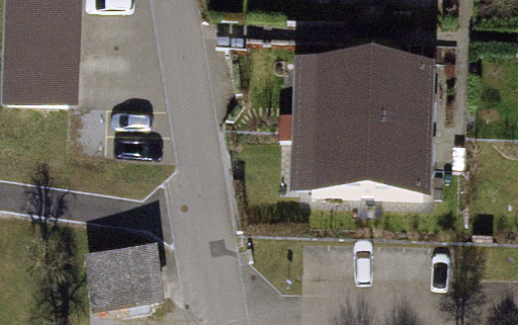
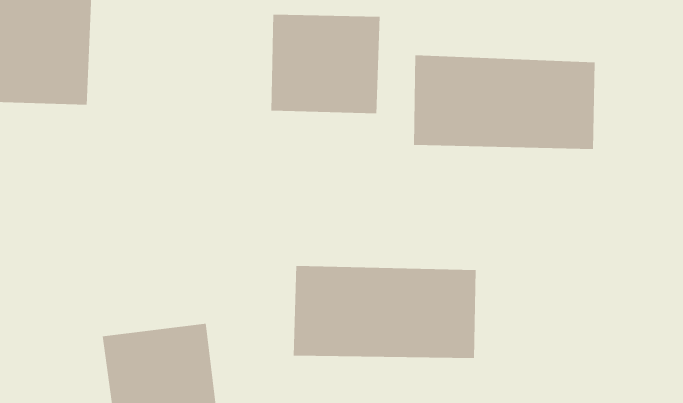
building: none -> [271,14,380,114]
building: [298,124,428,189] -> [293,265,476,359]

